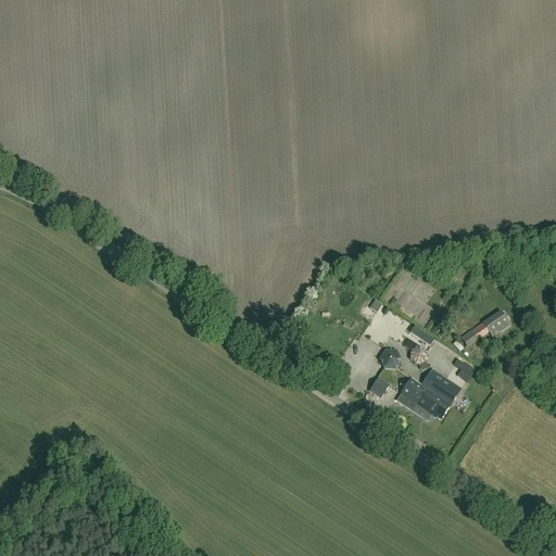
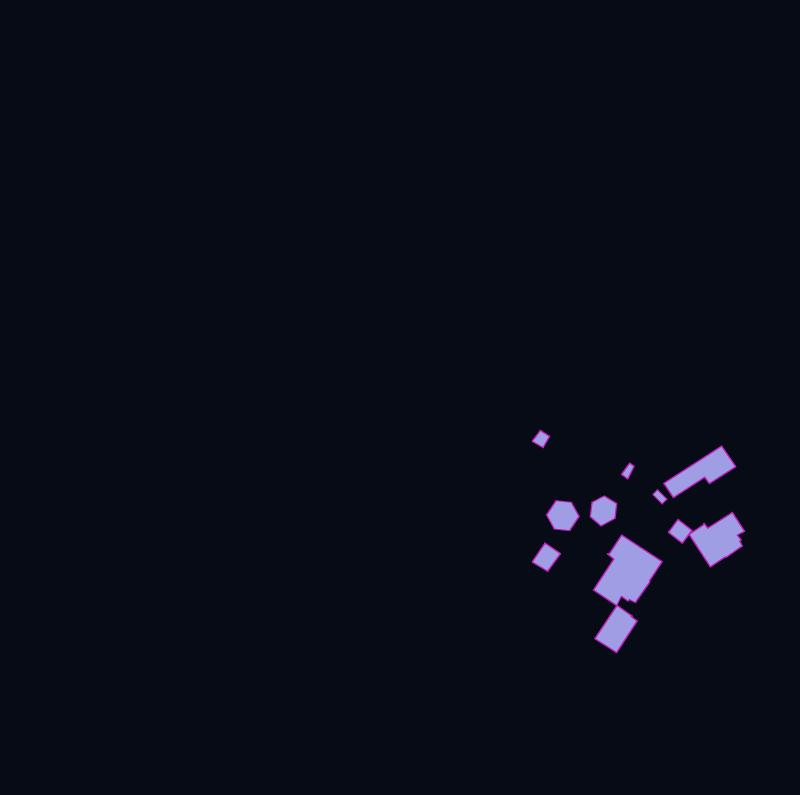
building: none -> [689,512,745,567]
building: [396,377,426,409] -> [595,606,637,653]

